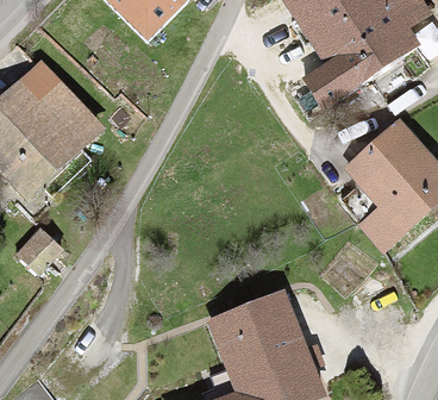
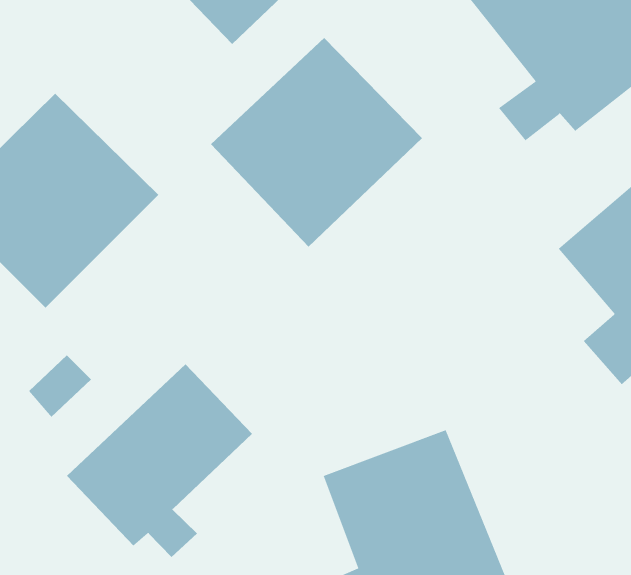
building: none -> [210,37,423,247]
building: none -> [66,363,253,558]

